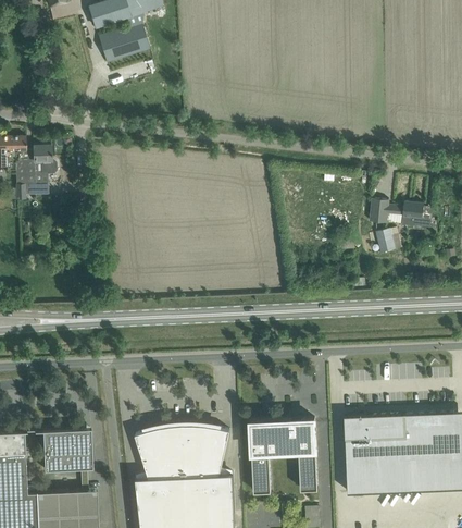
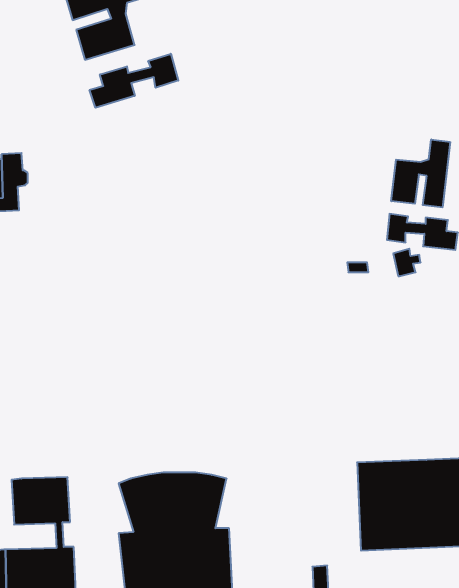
building: none -> [90,54,178,108]
building: none -> [391,139,450,207]
building: [250,418,317,492] -> none

